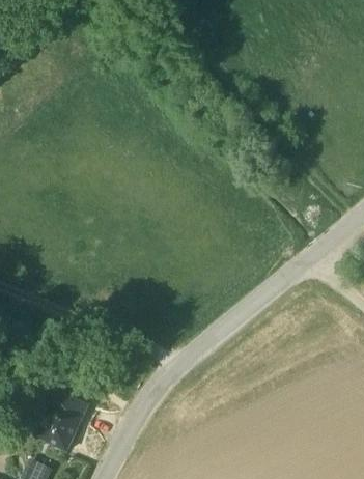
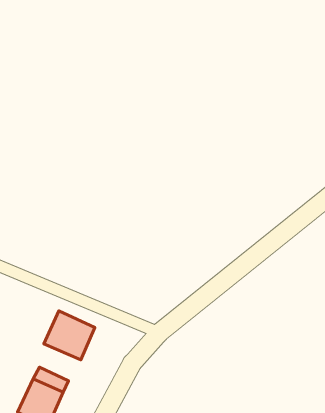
building: none -> [44,311,95,360]

